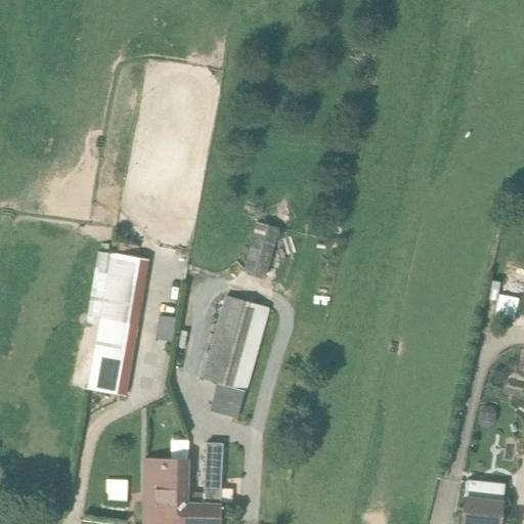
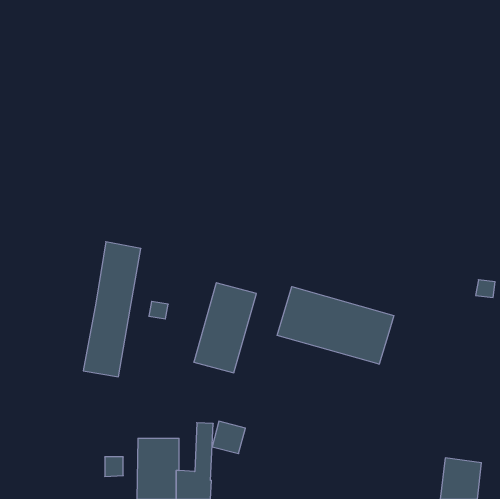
building: [242,222,278,279] -> none
building: none -> [277,287,394,364]
building: [210,383,245,417] -> [212,421,245,454]

